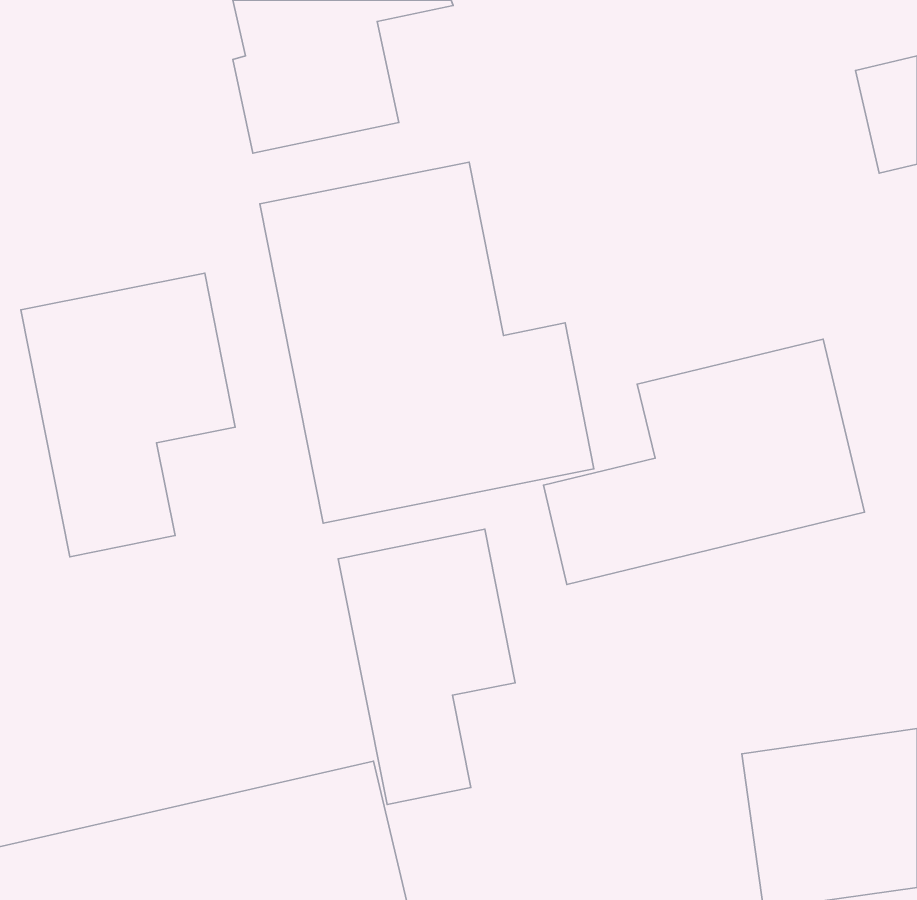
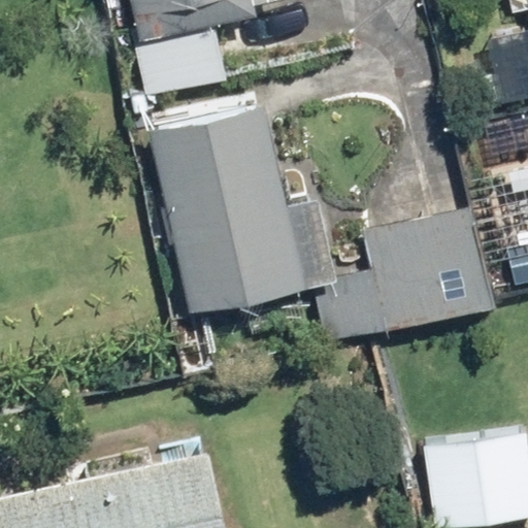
building: [21,273,235,557] -> none
building: [338,529,515,804] -> none

